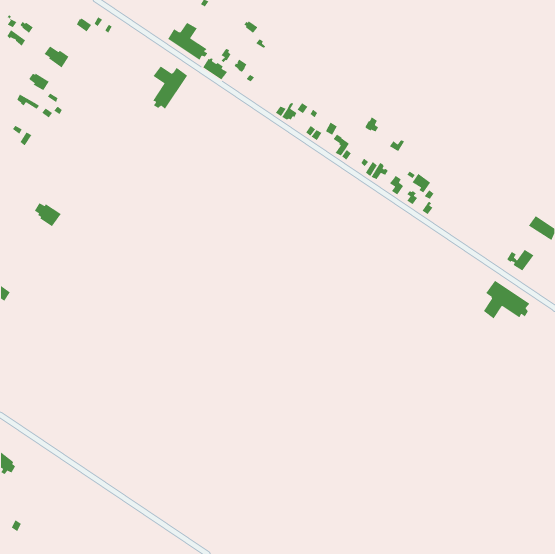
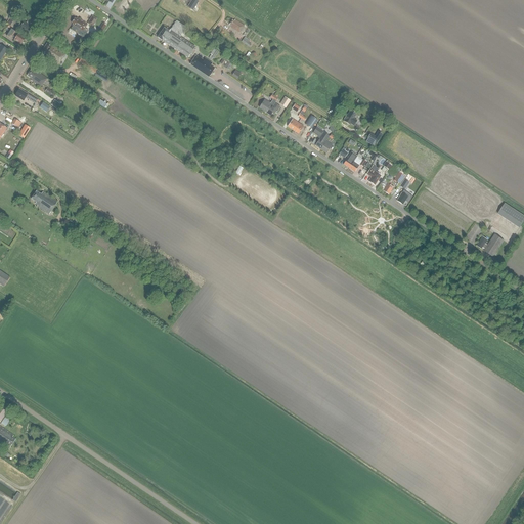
building: [152,65,188,110] -> none
building: [483,280,530,319] -> none

